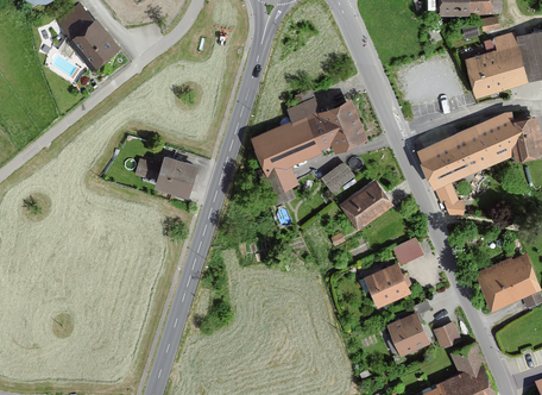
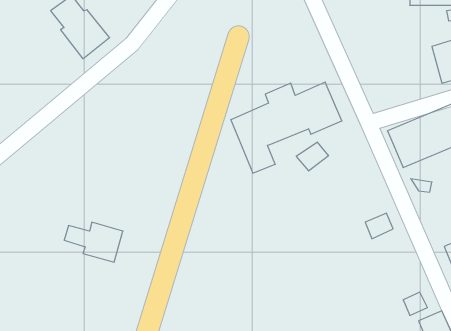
building: [134,156,197,199] -> [64,222,123,262]
building: [339,181,393,232] -> none
building: [364,263,410,307] -> none
building: [386,312,430,357] -> none

